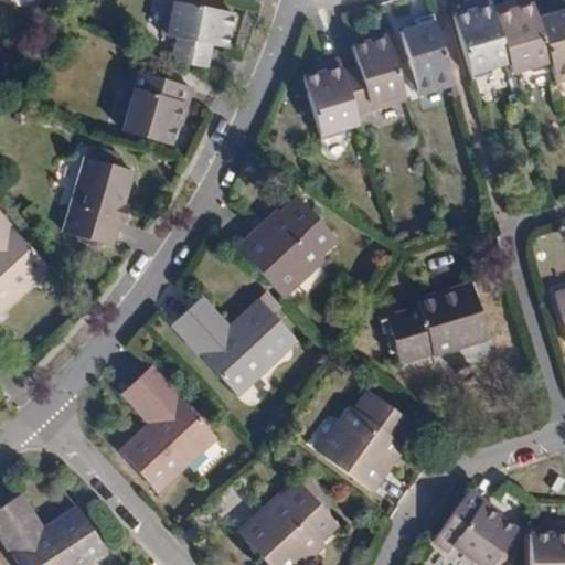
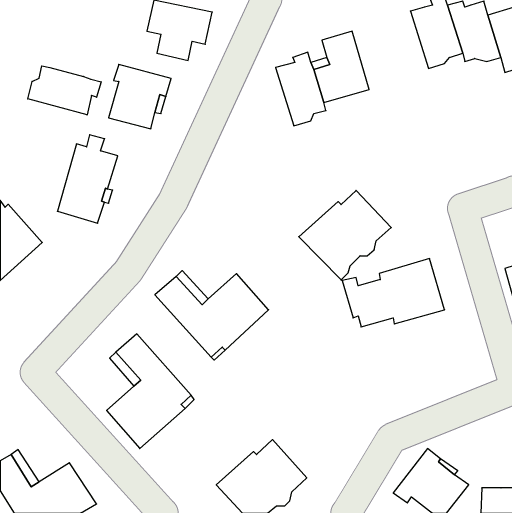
building: [402,17,455,94] -> none
building: none -> [28,66,101,115]
building: [236,199,338,297] -> [299,190,391,280]
building: [319,393,414,492] -> none

